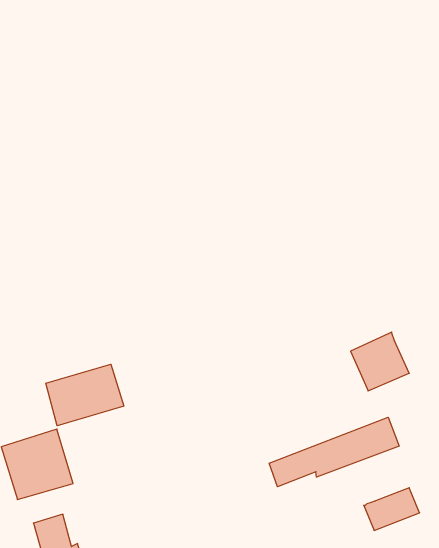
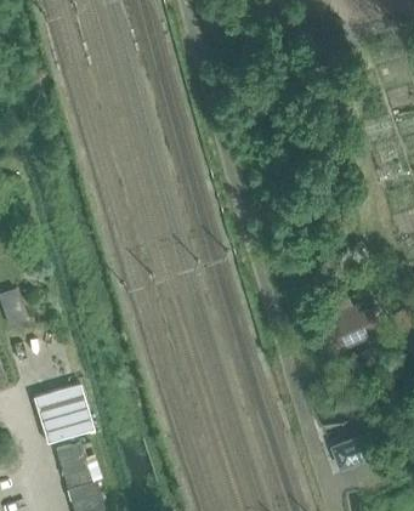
building: [46,364,124,426] -> none
building: [269,417,399,487] -> none

